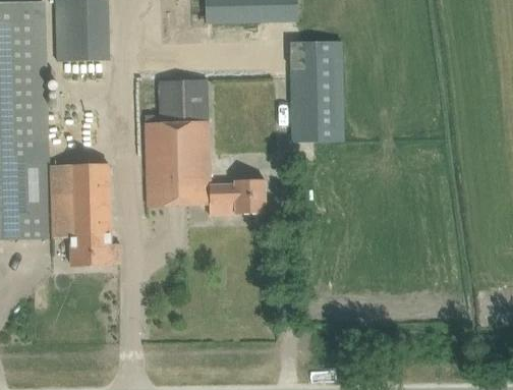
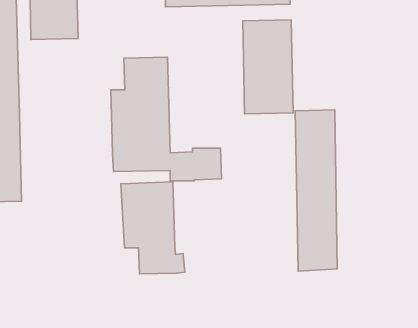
building: none -> [295,110,337,271]
building: [51,164,121,265] -> [121,182,185,274]

